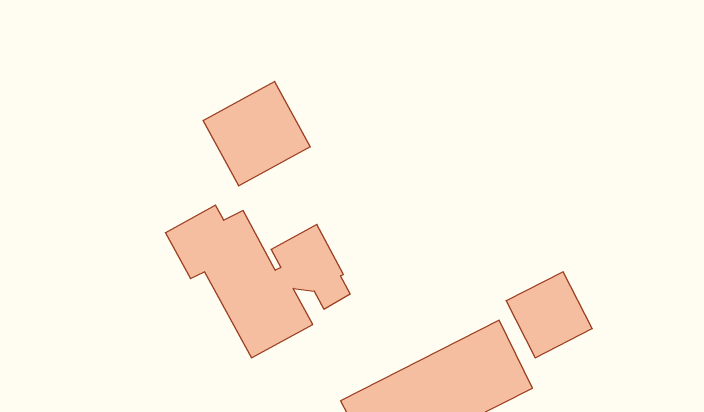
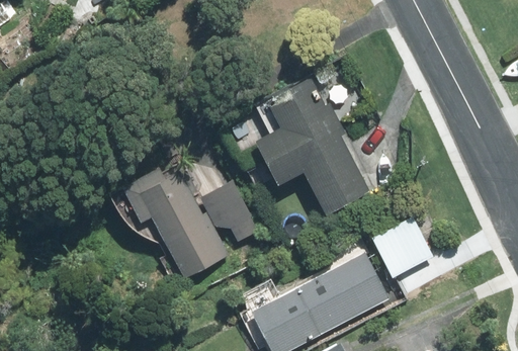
building: none -> [254,76,369,214]
building: [203,81,310,186] -> none

